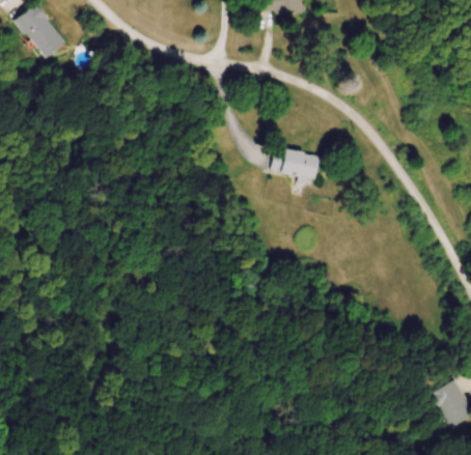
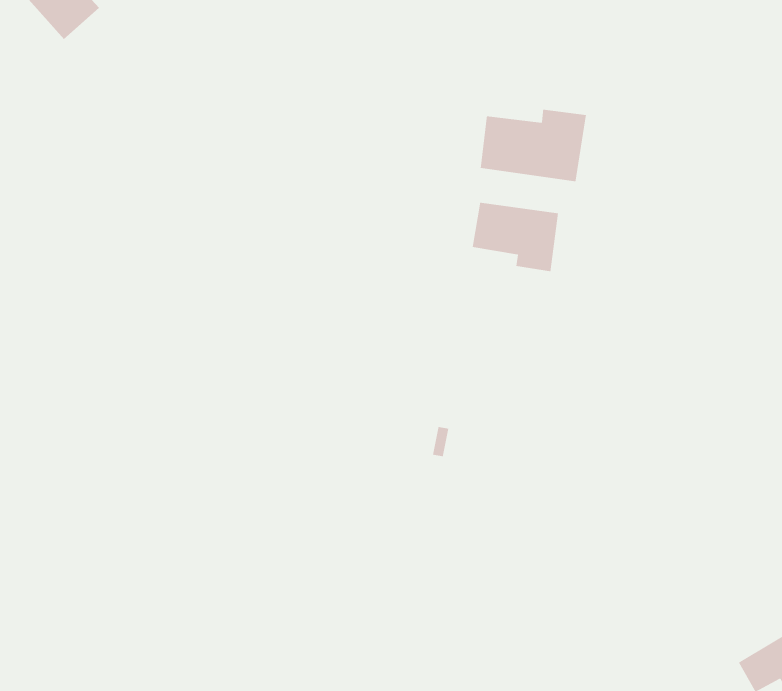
building: none -> [480,109,586,182]

